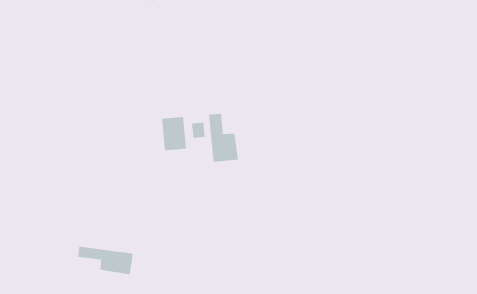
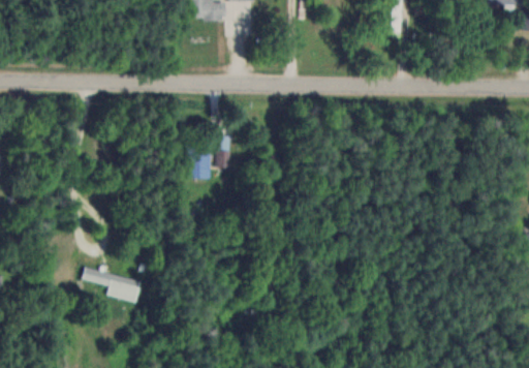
building: [209,113,238,163] -> none

